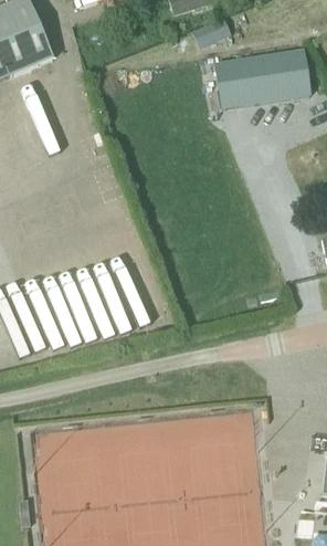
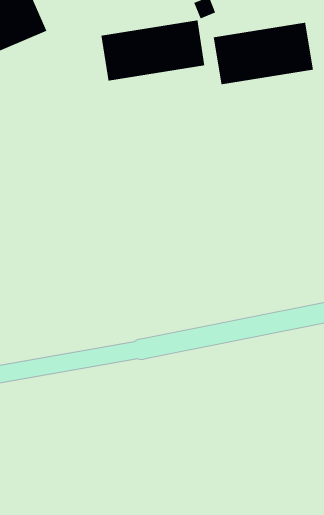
building: none -> [101,20,205,81]

